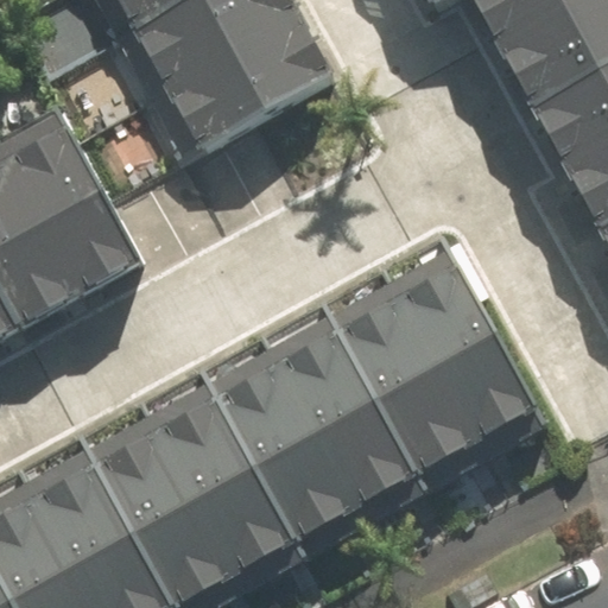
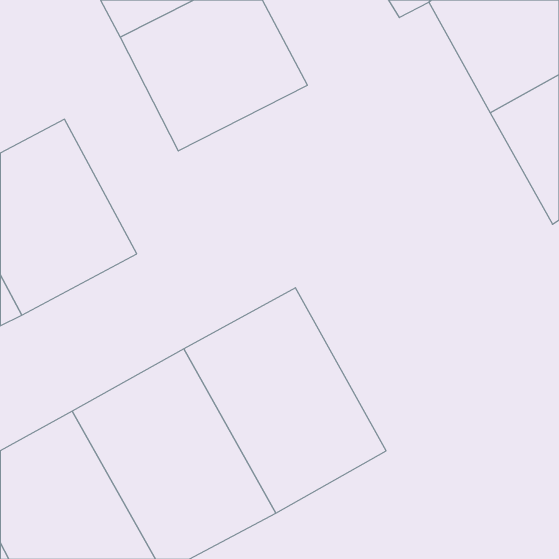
building: [321,245,540,489] -> none

